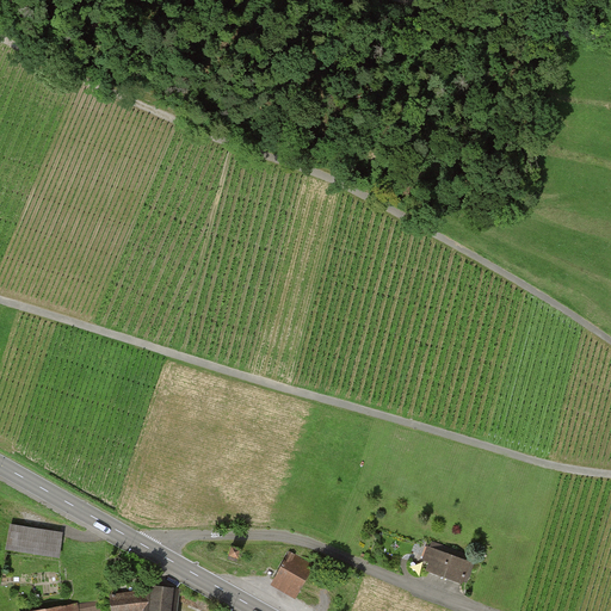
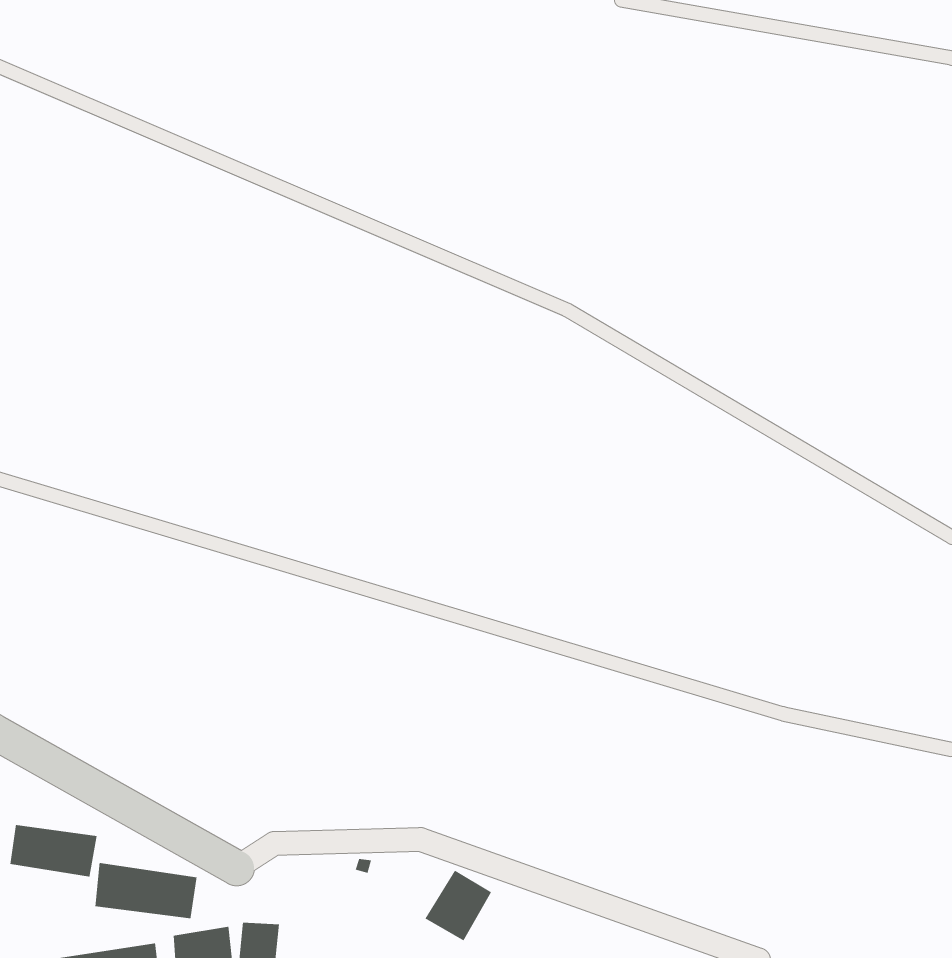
building: [421,547,471,582] -> none
building: none -> [95,862,197,919]

